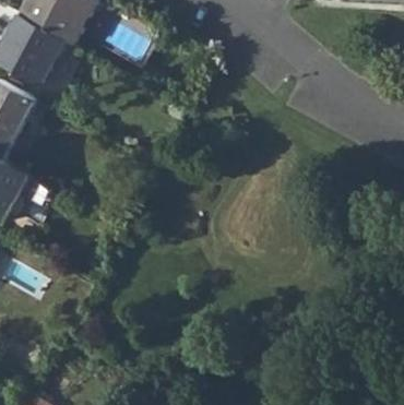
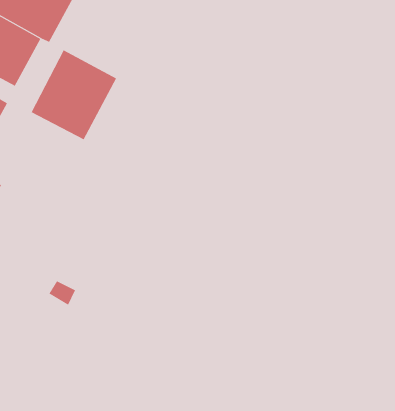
building: none -> [31,50,117,140]

